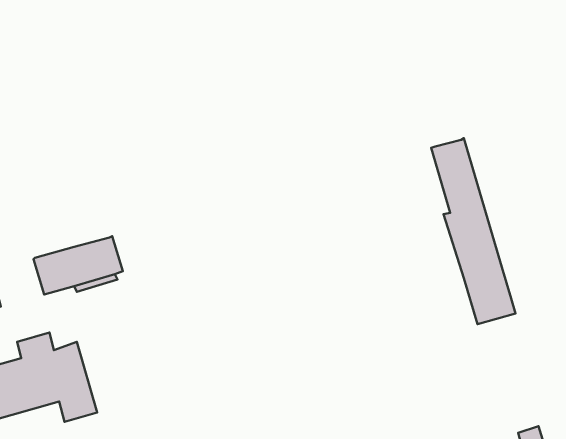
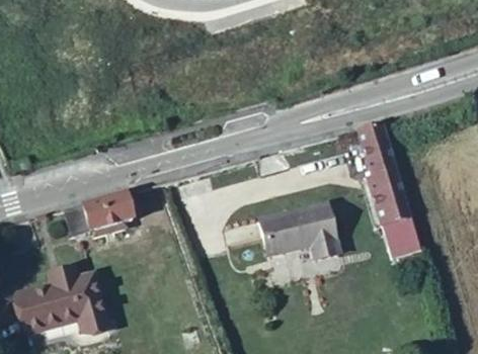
building: none -> [259,203,338,259]

